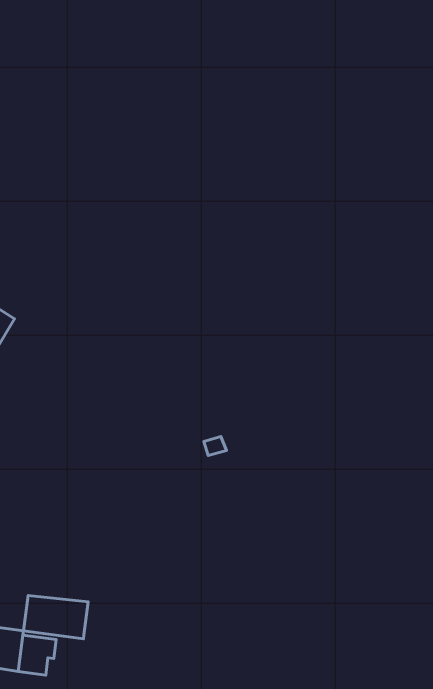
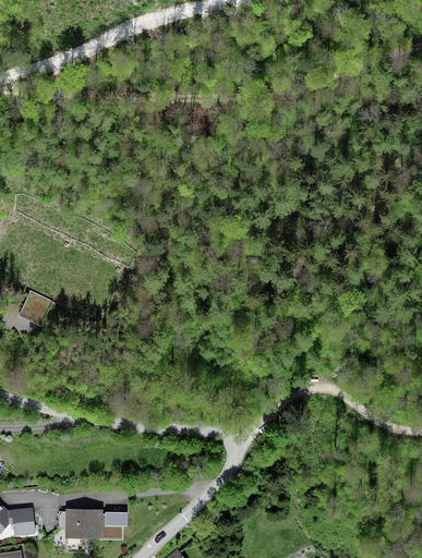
building: [23,595,88,639] -> none

